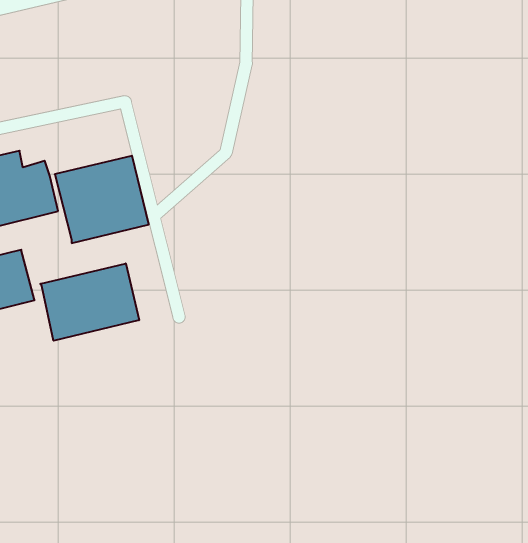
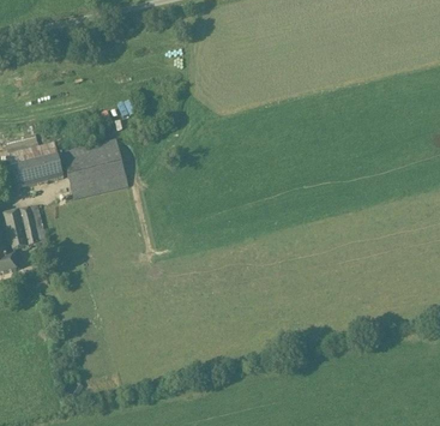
building: [40,263,139,341] -> none

